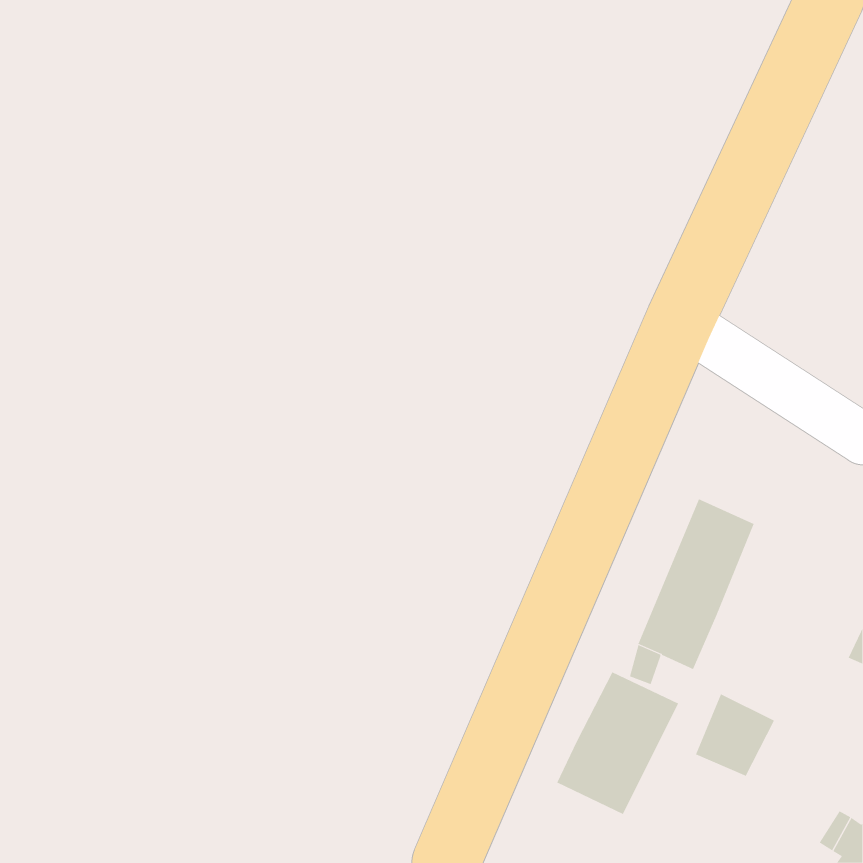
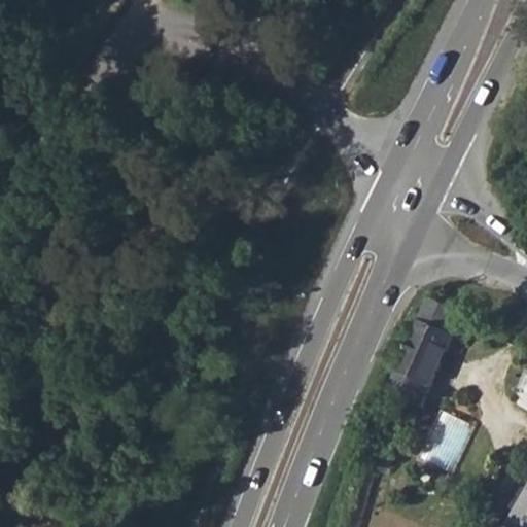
building: [557,672,679,815] -> none

